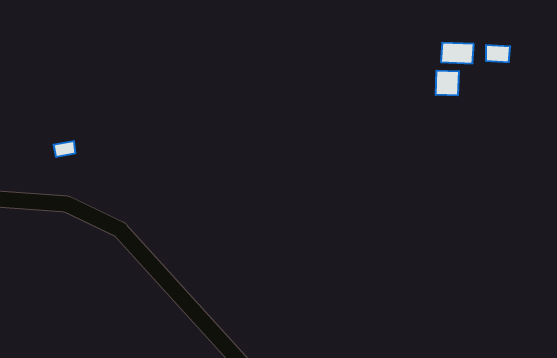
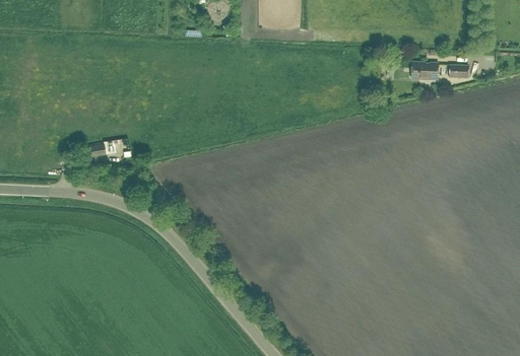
building: [436,71,459,95] -> none

